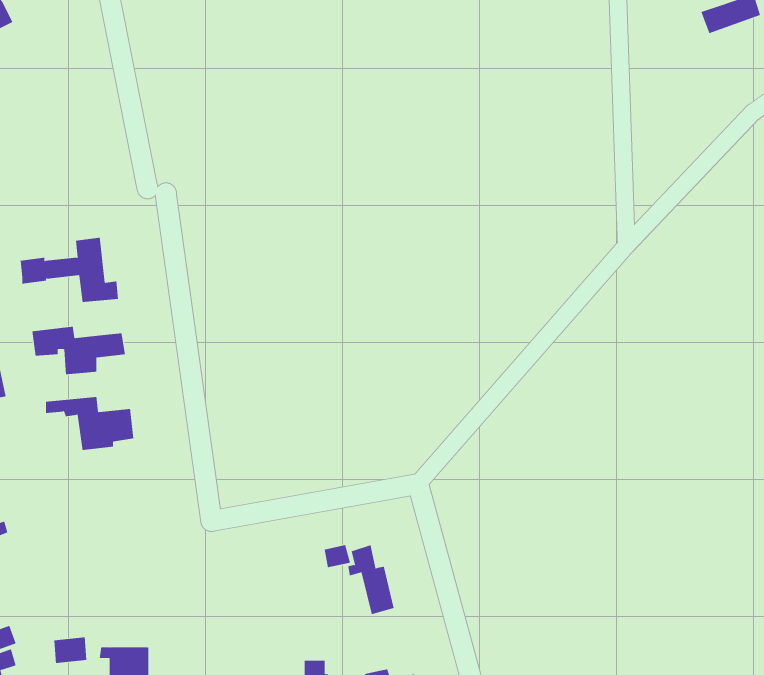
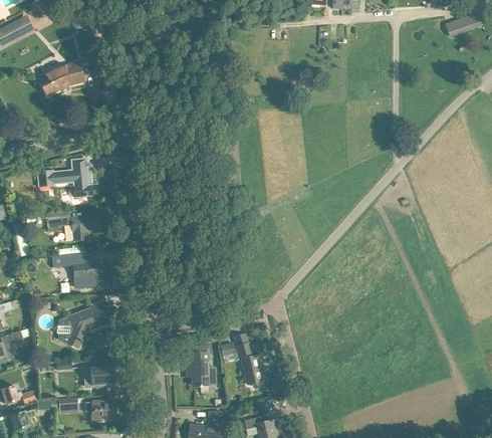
building: none -> [39,61,83,94]
building: none -> [57,300,110,348]
building: none -> [186,353,215,386]
building: none -> [89,364,114,385]

